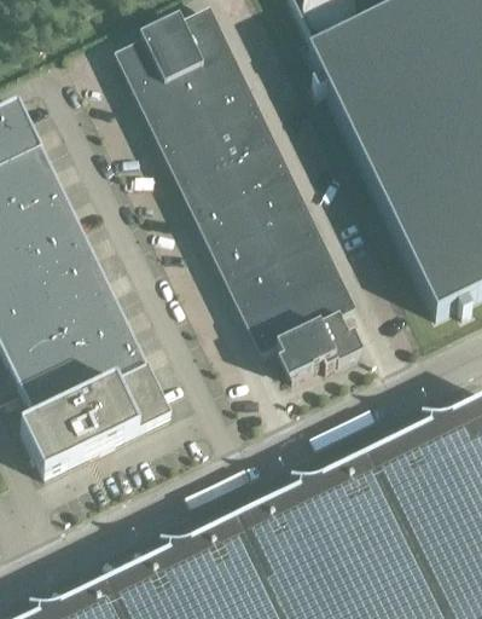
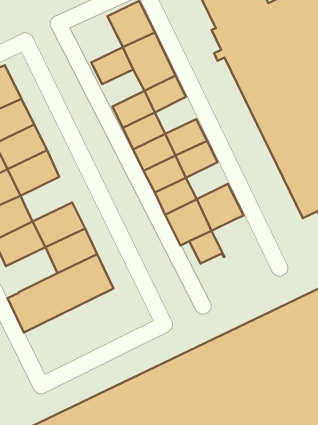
building: [117,27,182,92] -> none
building: [153,102,213,154] -> none
building: [227,140,285,192] -> none
building: [271,232,330,284] -> none
building: [39,253,111,316] -> none
building: [307,313,356,365] -> none
building: [18,352,91,415] -> none

